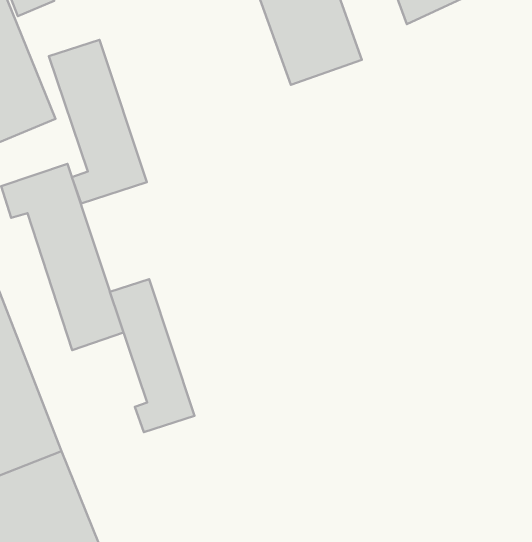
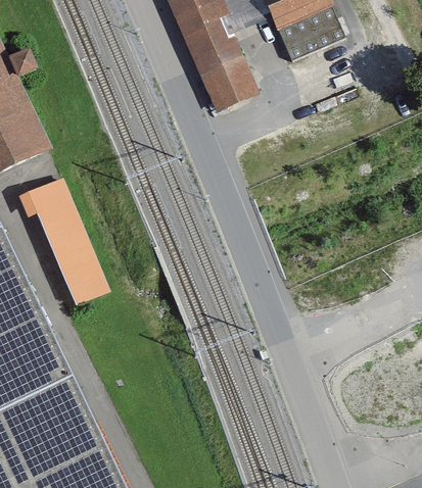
building: [49,40,147,204] -> none
building: [110,279,194,432] -> none

